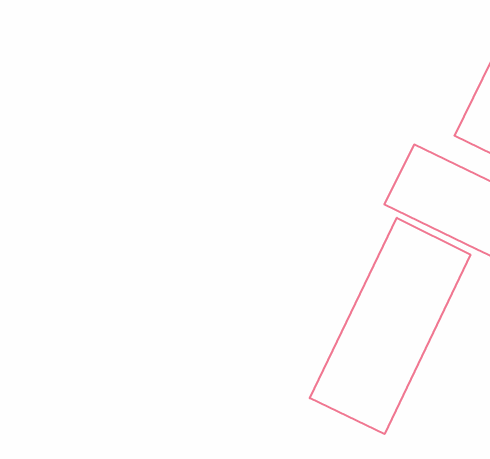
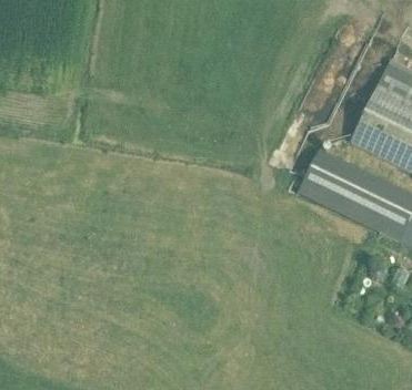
building: [310,218,470,434] -> none

